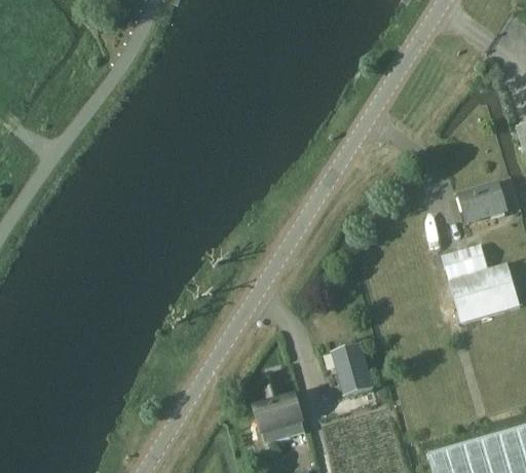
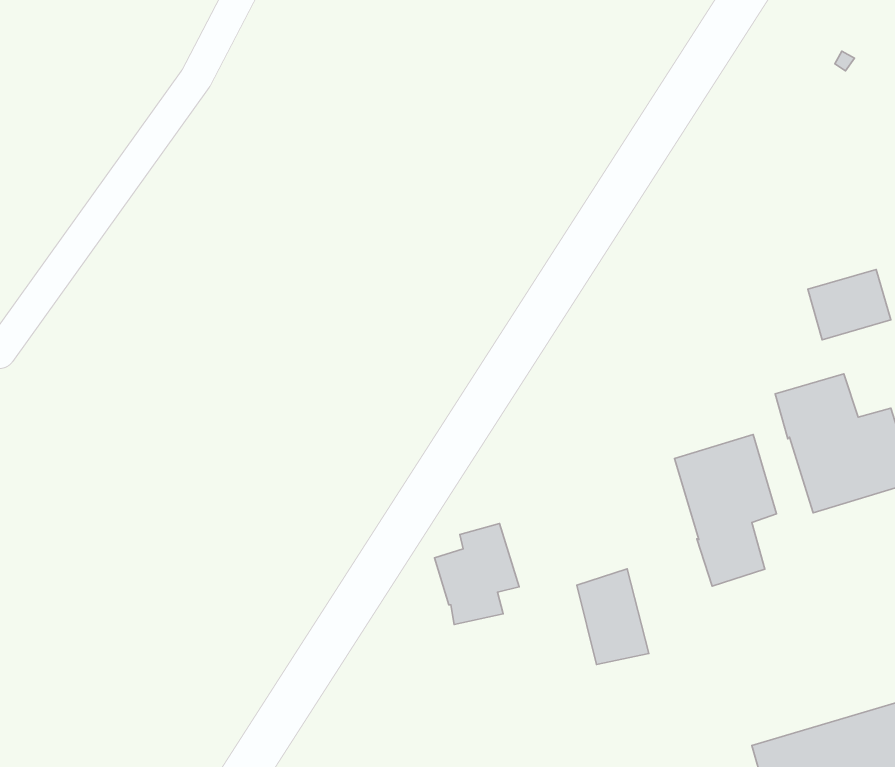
building: none -> [675,435,777,586]
building: [255,387,303,444] -> [434,524,519,625]

